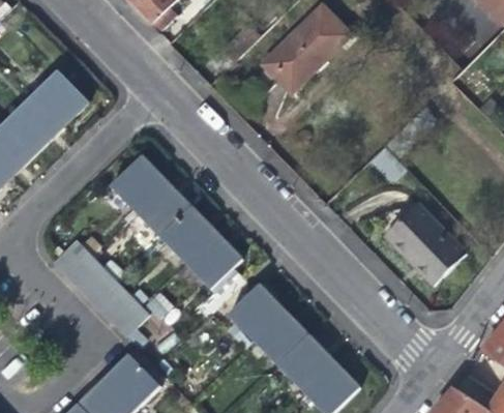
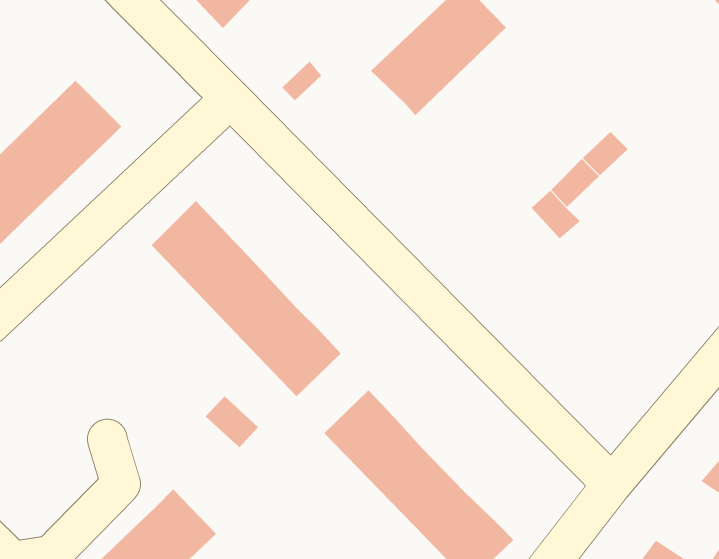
building: [386,203,466,284] -> none
building: [53,236,151,336] -> none

